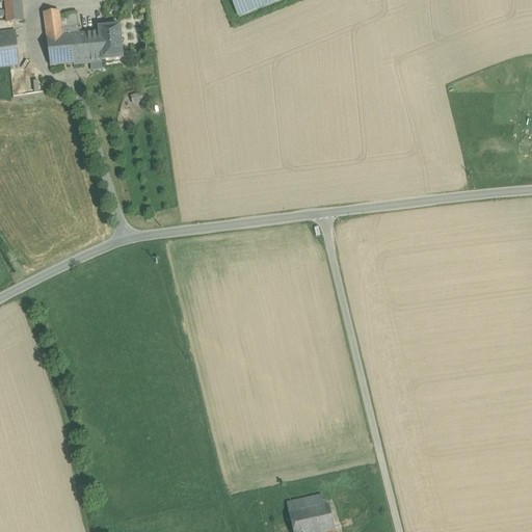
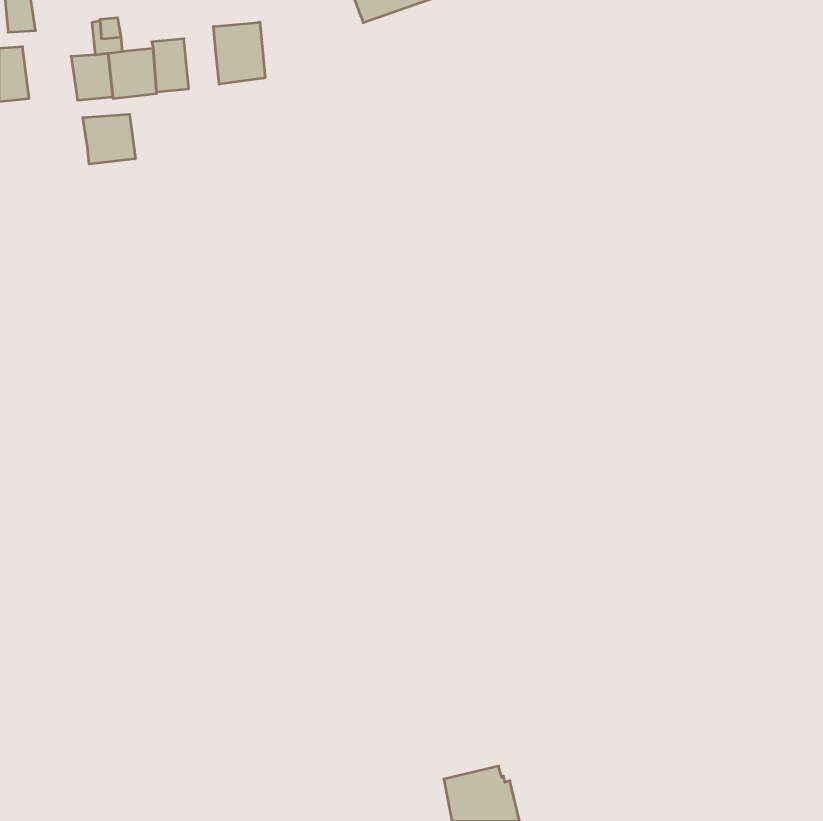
building: [43,9,61,36] -> none
building: none -> [213,22,265,84]
building: none -> [83,114,135,164]

